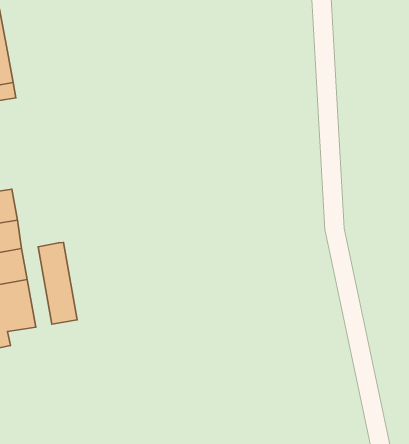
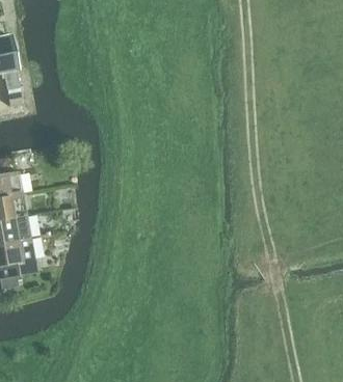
building: [38,243,77,324] -> none

